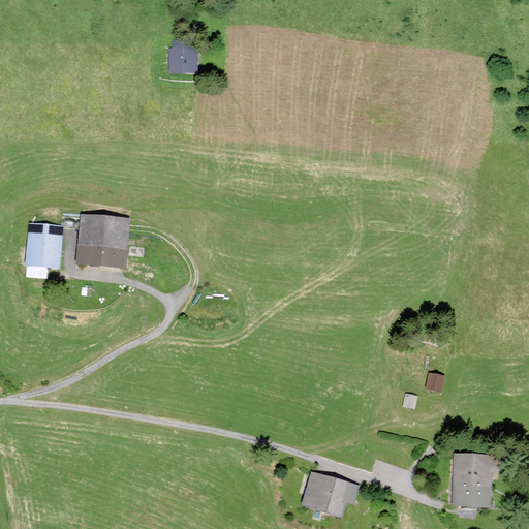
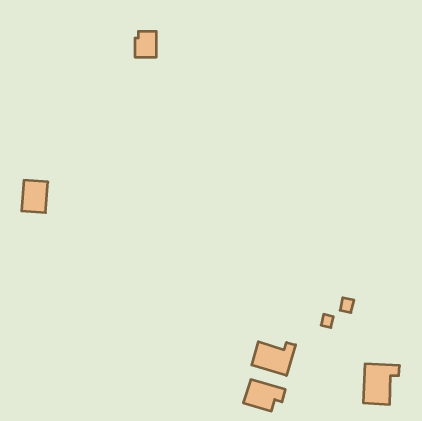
building: [77,215,126,268] -> none
building: none -> [252,342,296,376]

